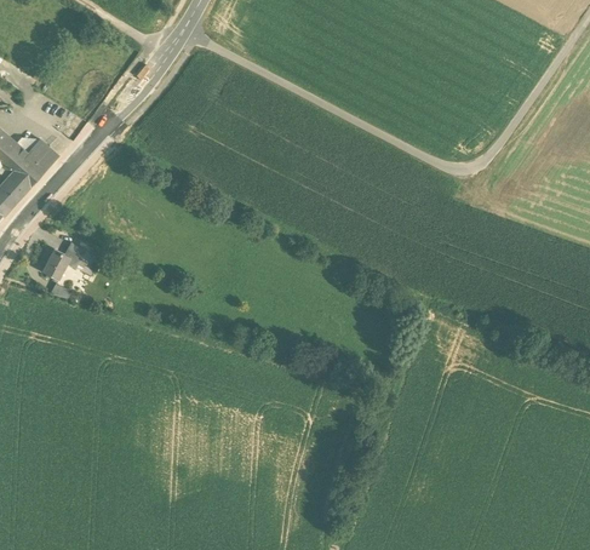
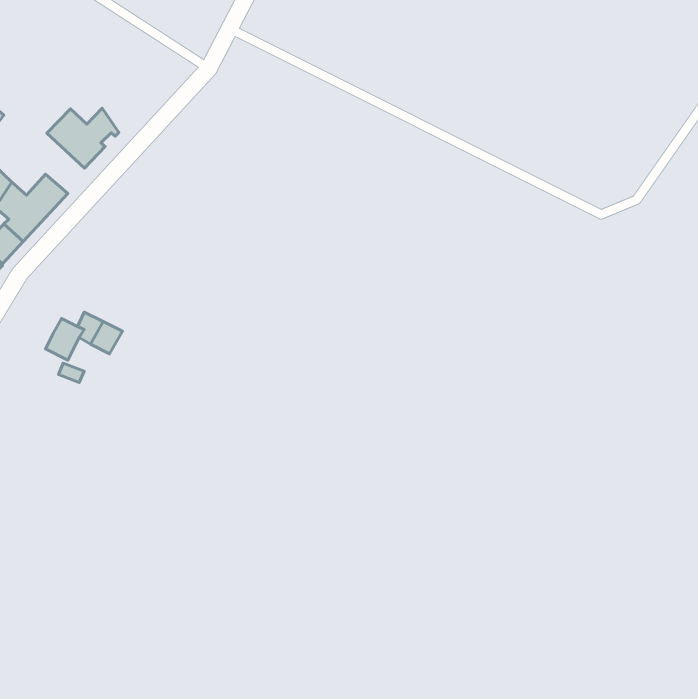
building: none -> [47,108,119,168]

